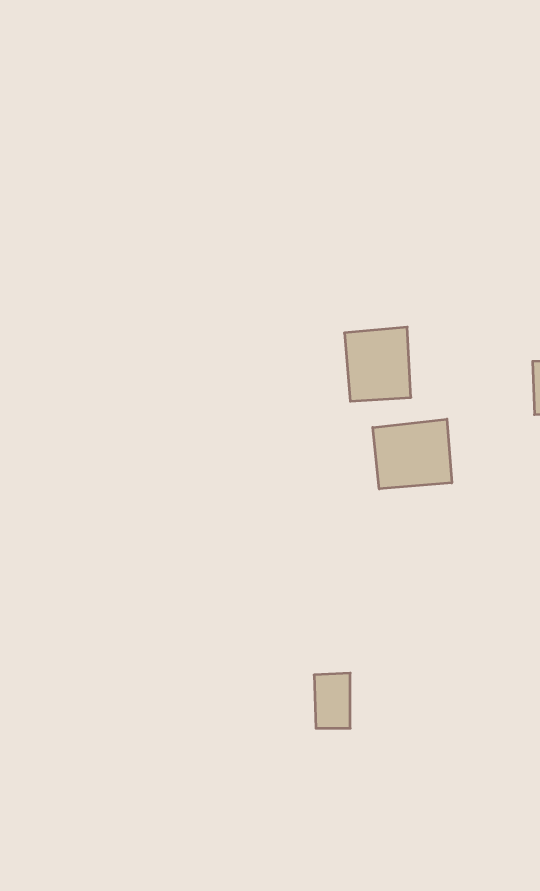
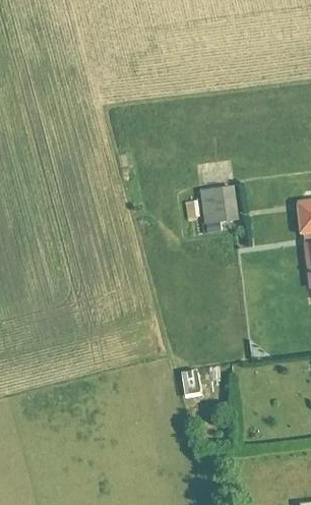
building: [373,419,452,489] -> none

